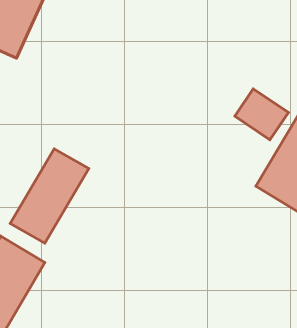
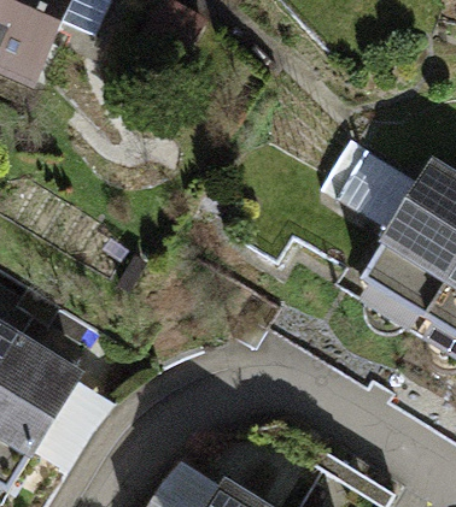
building: [10,149,89,243] -> none

